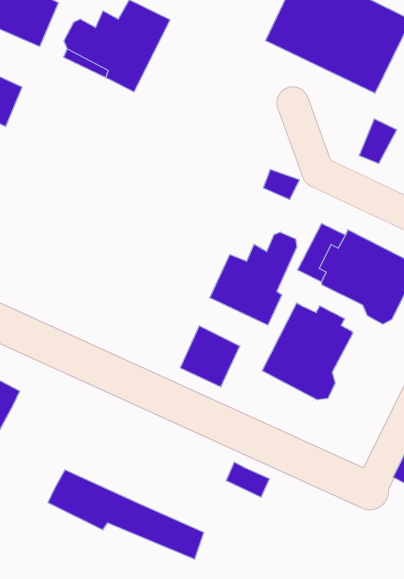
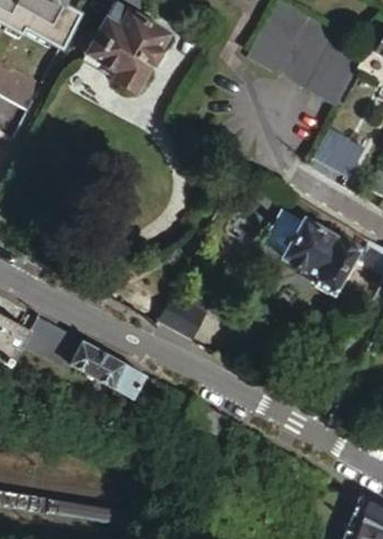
building: [210,232,297,325] -> none
building: [262,303,353,400] -> none
building: [48,470,204,559] -> [22,315,148,395]

